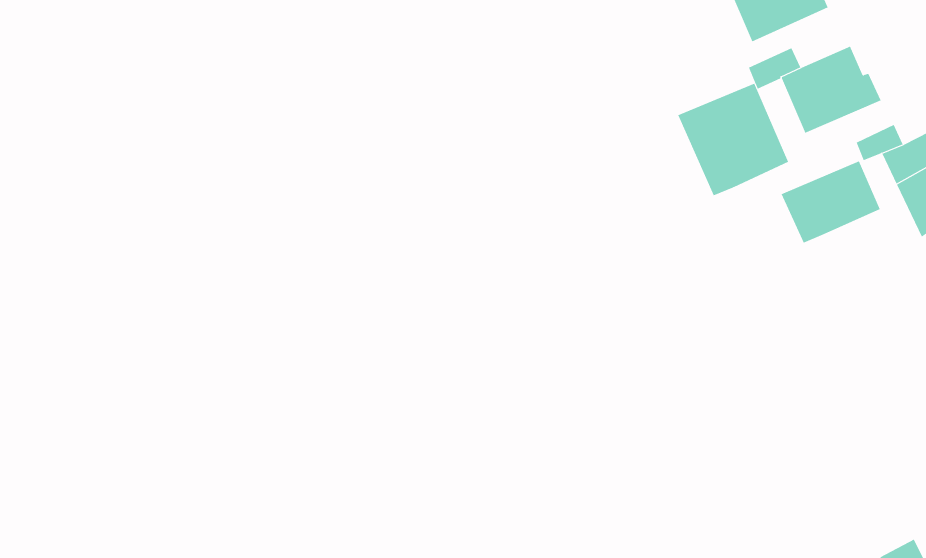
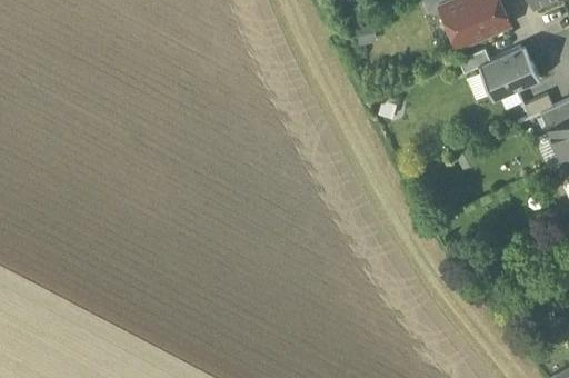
building: [678,83,789,196] -> none
building: [781,160,881,244] -> none

